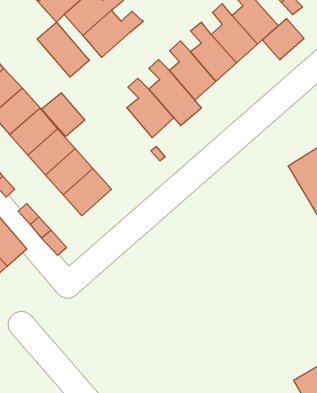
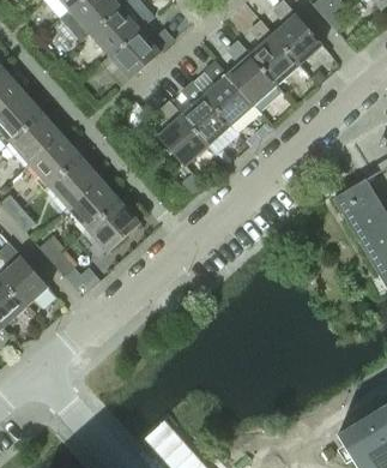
building: [262,18,304,60] -> none
building: [37,22,89,77] -> none
building: [41,93,85,136] -> none

